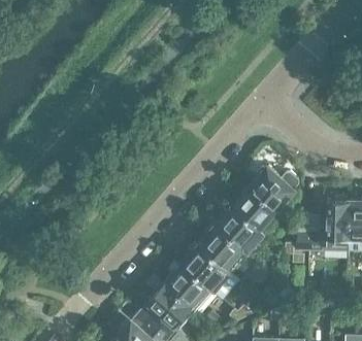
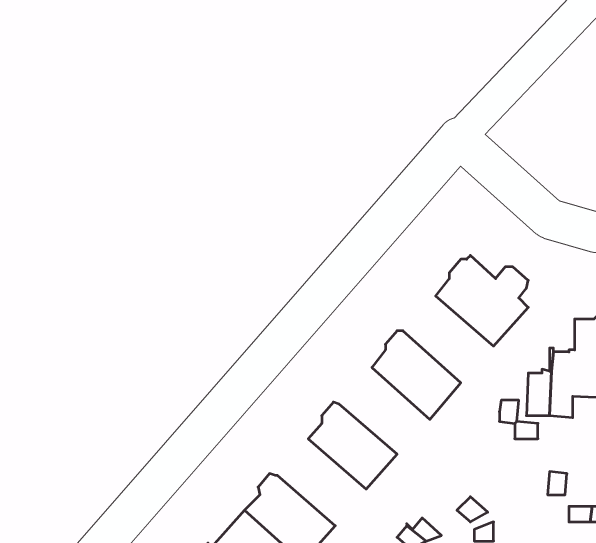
building: [232,186,281,234] -> none
building: [198,226,246,272] -> none
building: [165,264,212,310] -> none

